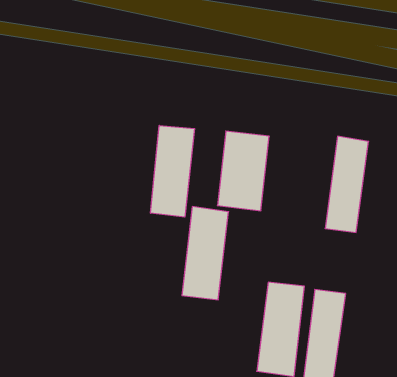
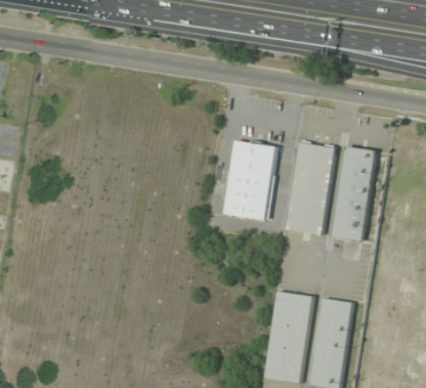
building: [151,125,195,217] -> none
building: [182,207,229,300] -> [288,142,334,234]

